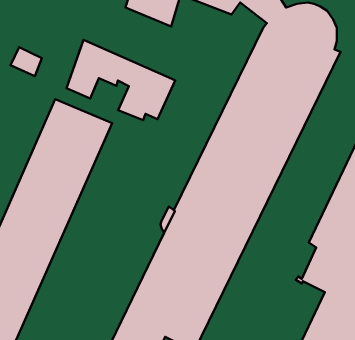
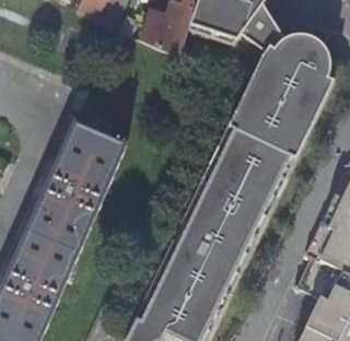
building: [67,40,175,120] -> none

